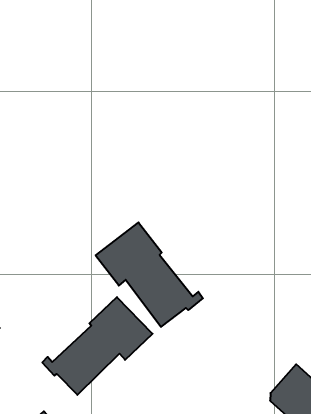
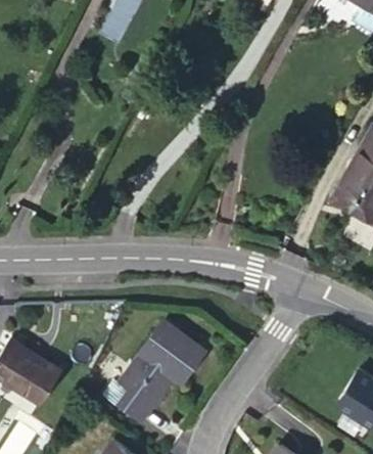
building: [96,222,203,327] -> none

